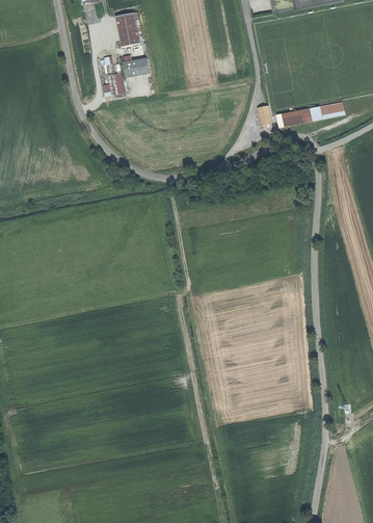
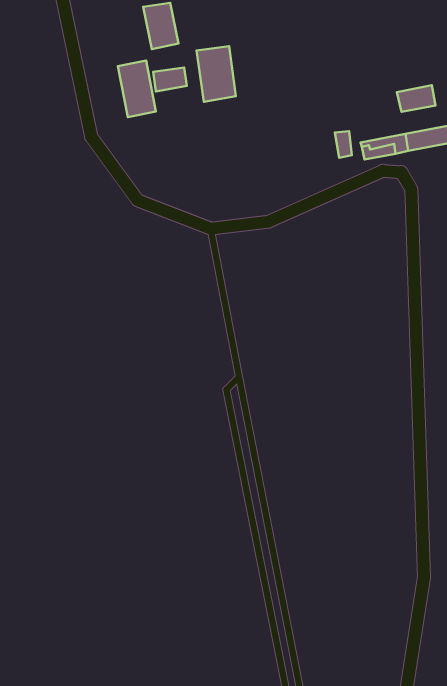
building: none -> [196,46,236,102]
building: none -> [397,85,436,112]

